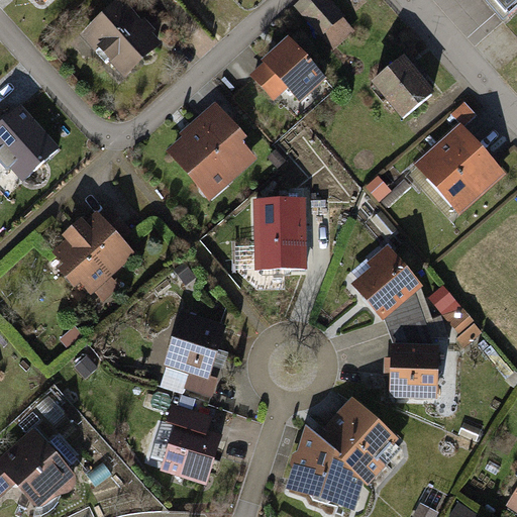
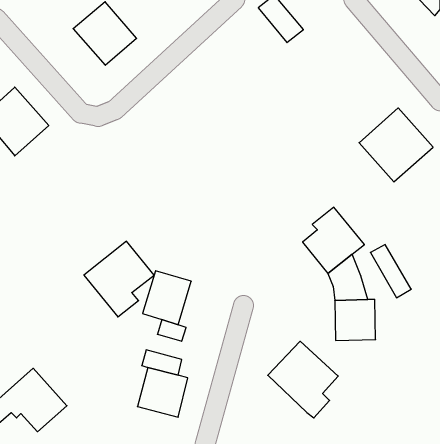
building: [250,37,329,106] -> none
building: [371,60,431,120] -> none
building: [170,103,255,194] -> none
building: [249,196,303,268] -> none
building: [55,210,136,298] -> [84,241,154,317]
building: [283,429,356,509] -> none

